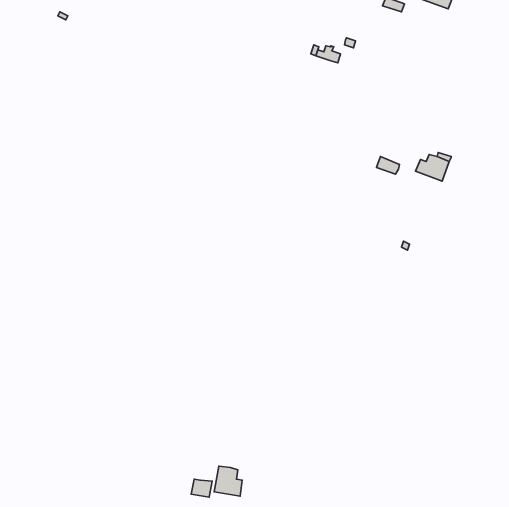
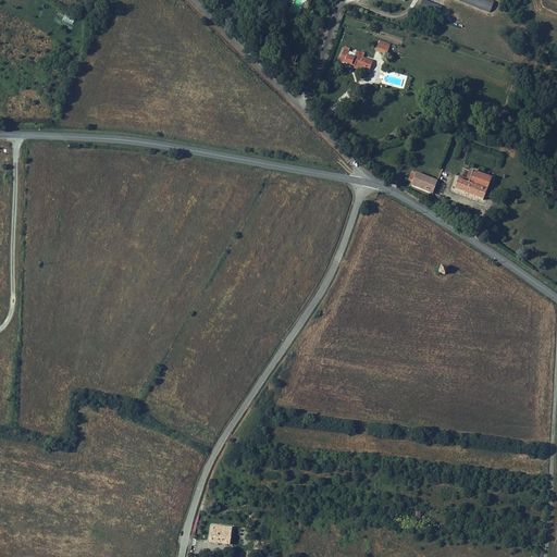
building: [214,466,242,496] -> none

